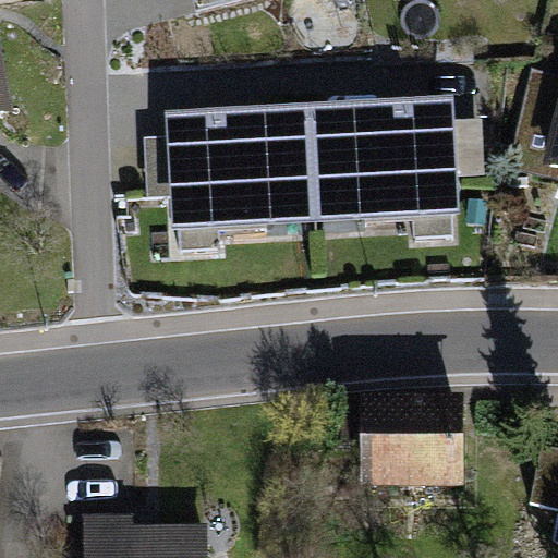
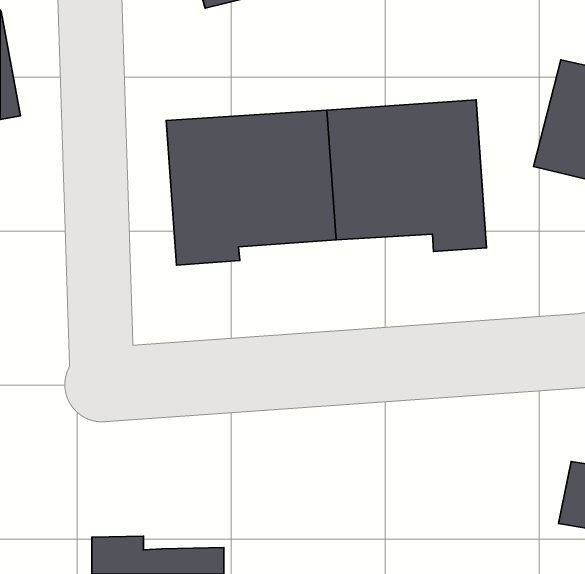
building: [361,392,463,488] -> none

